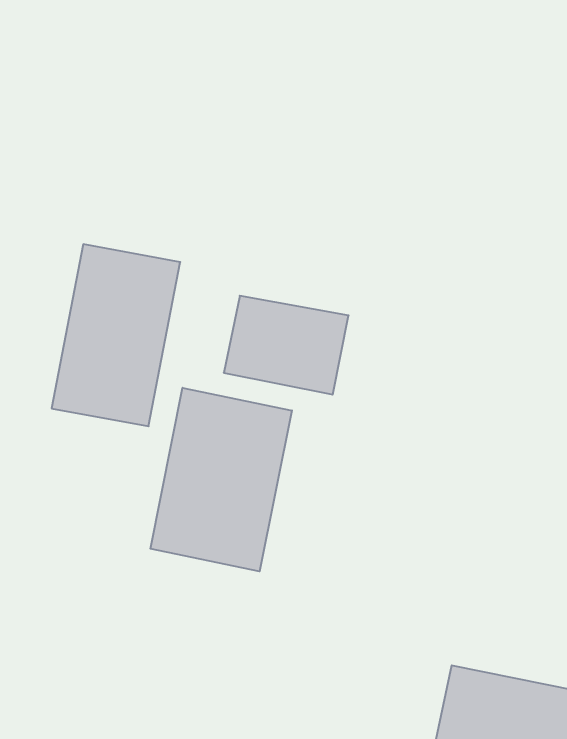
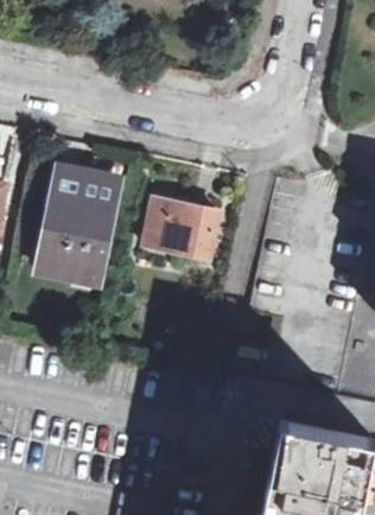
building: [150,388,292,571] -> none

